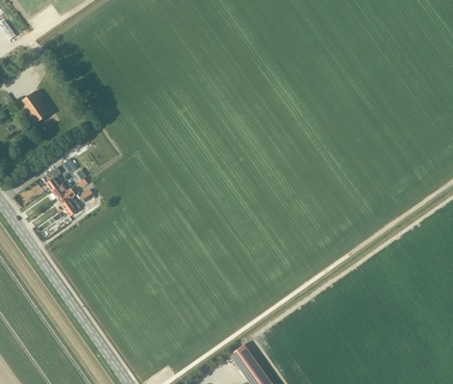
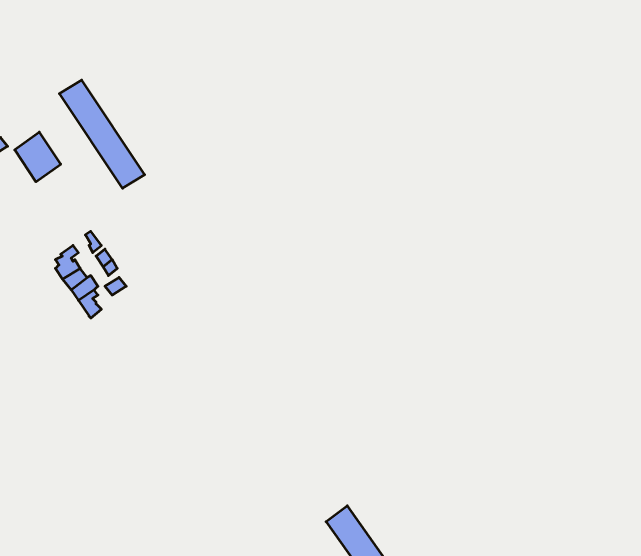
building: none -> [59,80,145,188]

